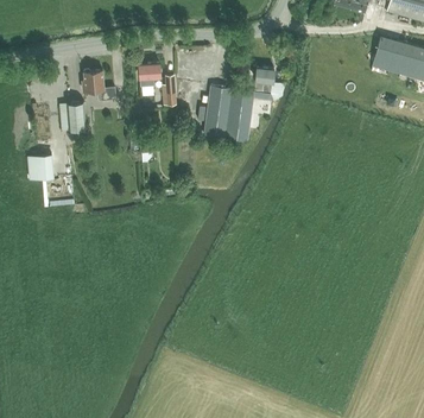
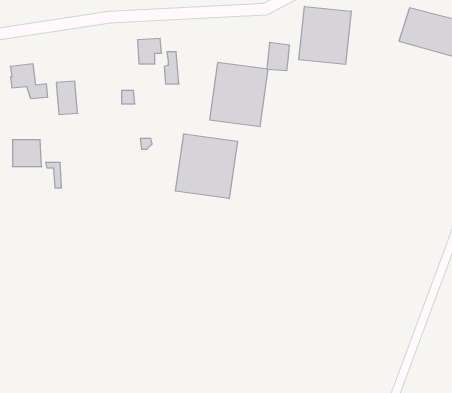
building: none -> [299,6,351,64]
building: [82,70,115,101] -> [10,64,48,98]
building: none -> [176,134,237,199]

